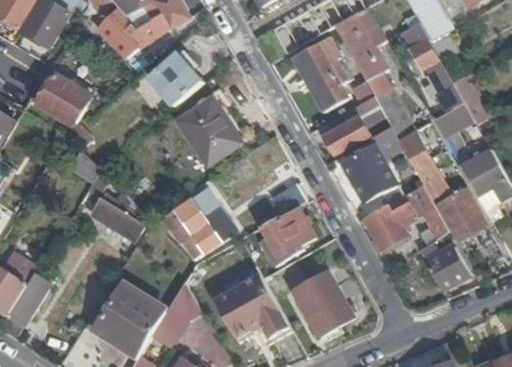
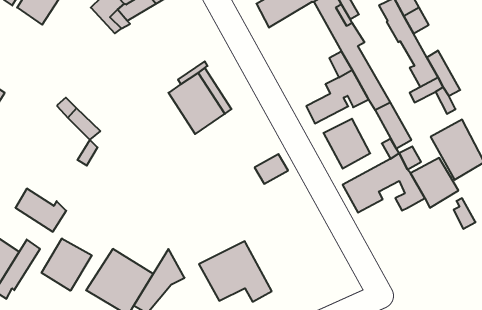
building: [298,35,347,109] -> none
building: [149,52,202,108] -> none
building: [38,74,89,125] -> none
building: [163,187,219,261] -> none
building: [93,193,146,238] -> [15,189,66,232]
building: [260,209,316,264] -> none
building: [418,240,469,287] -> none
building: [293,271,353,336] -> none
building: none -> [42,238,92,291]

